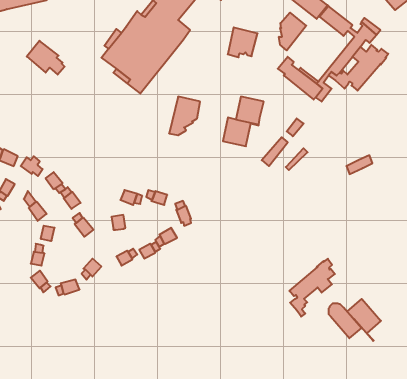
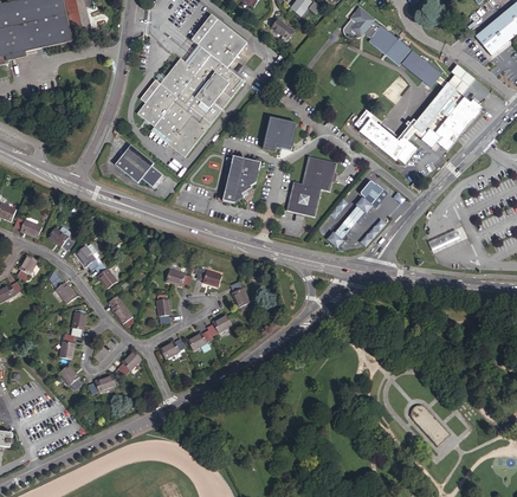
building: [279,13,306,50] -> none
building: [228,27,258,57] -> [261,115,297,150]
building: [27,41,65,75] -> [116,143,161,183]
building: [289,259,335,317] -> none
building: [347,299,381,341] -> none

